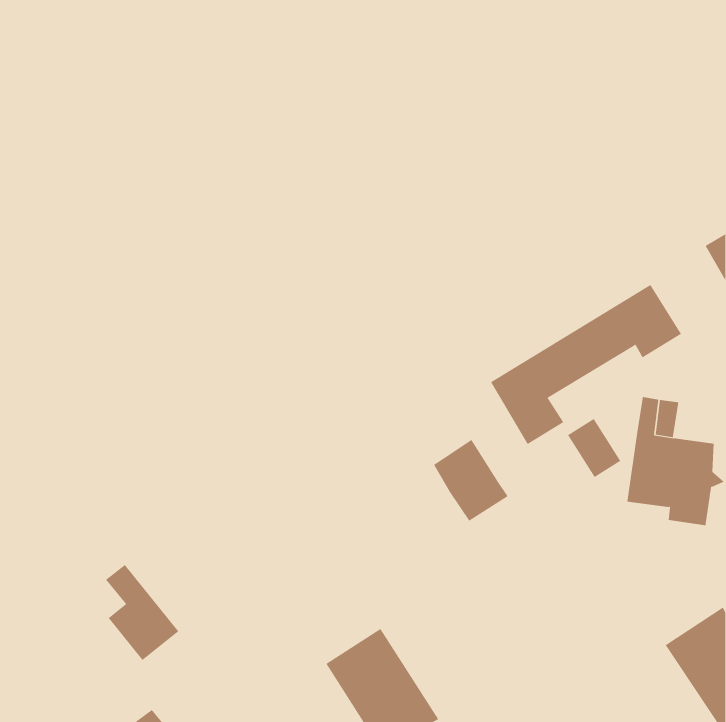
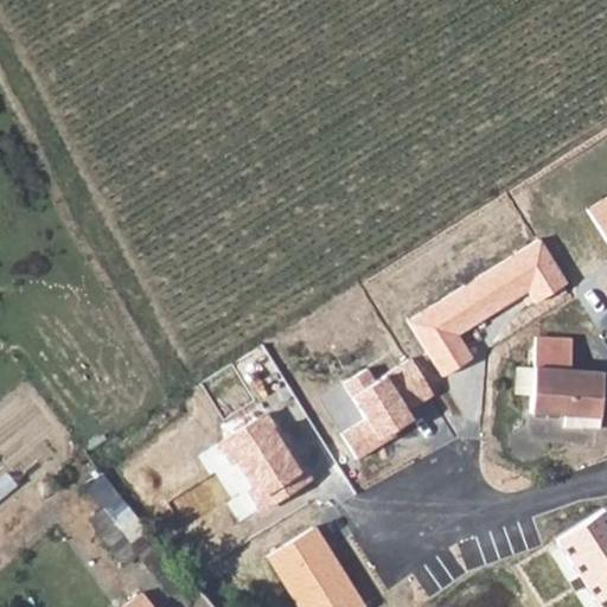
building: [567,418,621,478] -> [394,356,439,405]
building: none -> [225,410,314,509]
building: none -> [344,414,391,459]

